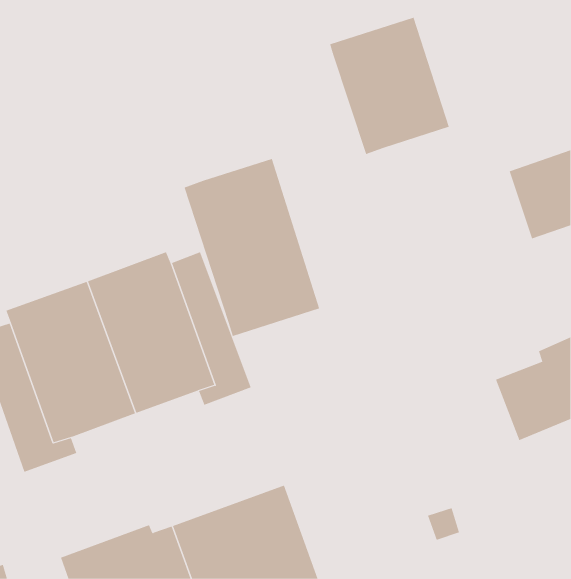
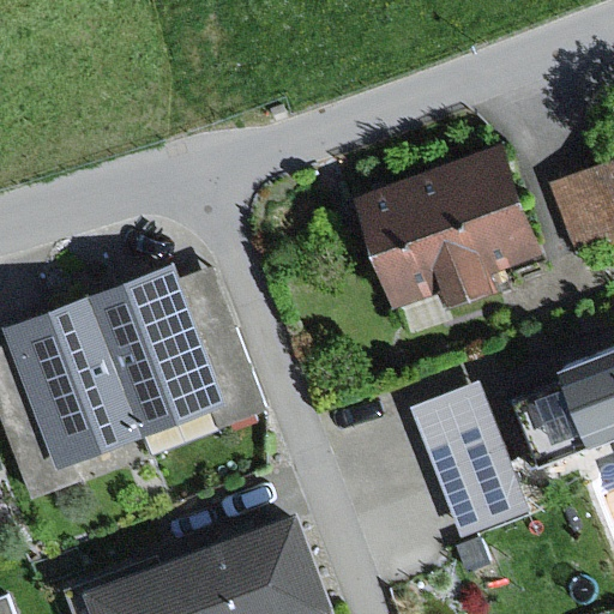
building: [330,17,449,155] -> none
building: none -> [360,145,544,311]
building: [184,158,320,337] -> none
building: none -> [409,385,525,537]

